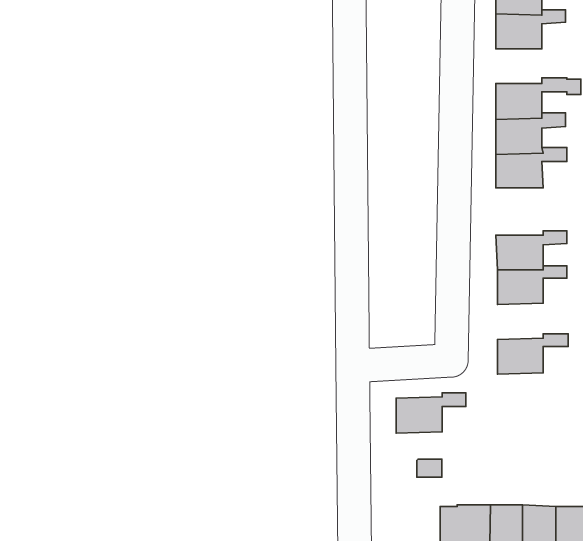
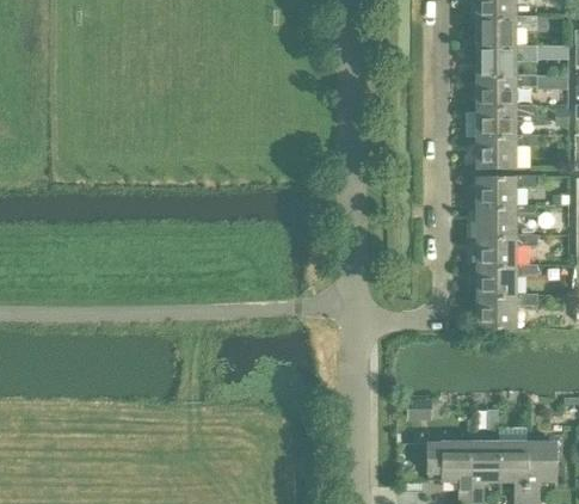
building: none -> [475,45,535,79]
building: none -> [475,174,536,209]
building: [396,393,466,433] -> [476,264,536,299]

